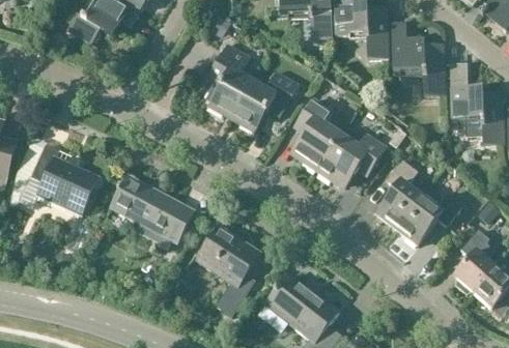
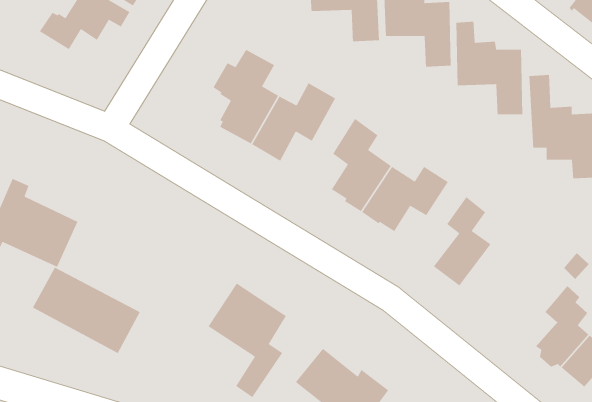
building: [110,175,195,243] -> [32,267,141,354]
building: [395,186,460,244] -> none

